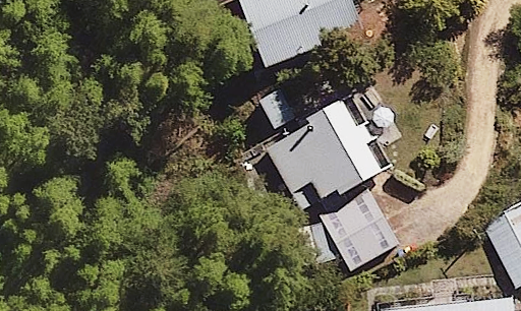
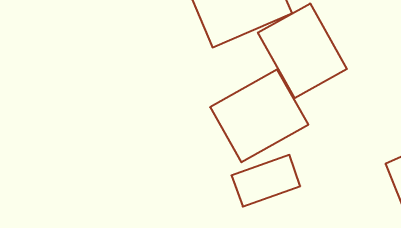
building: none -> [258,3,347,98]

